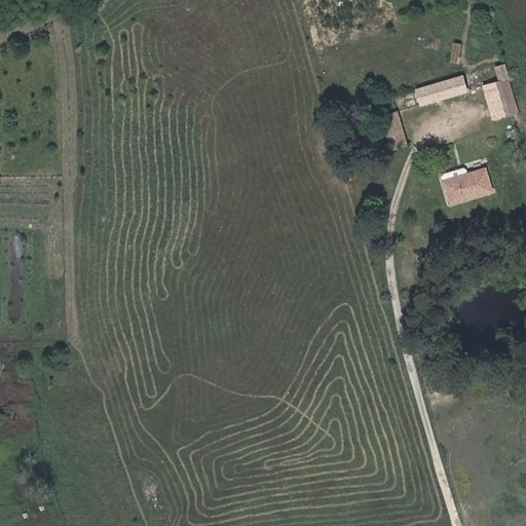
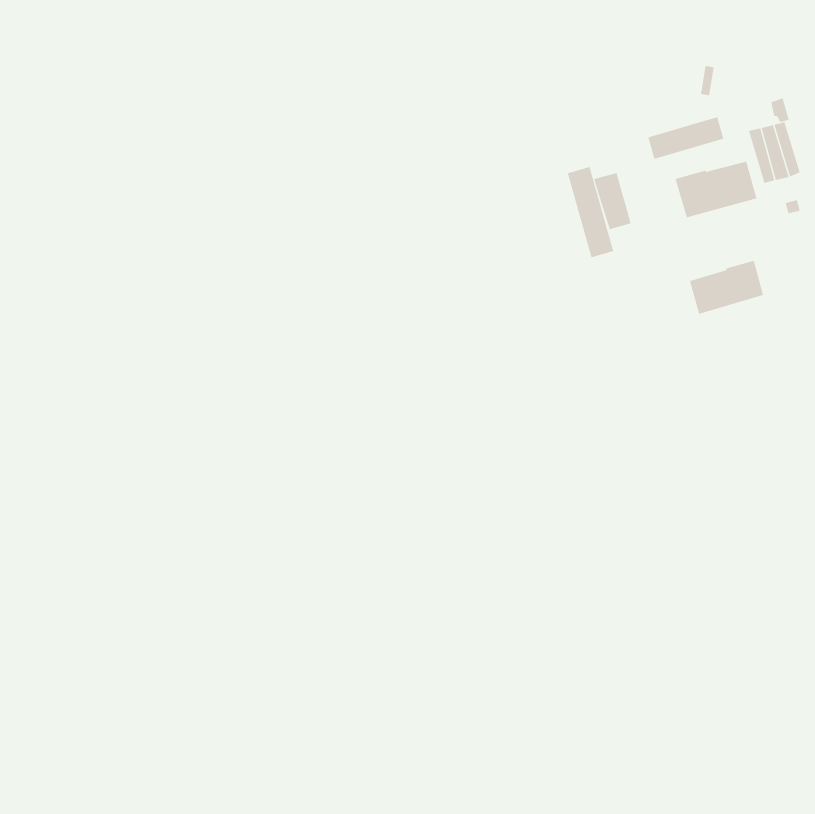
building: none -> [675,161,757,218]
building: none -> [567,166,614,258]

